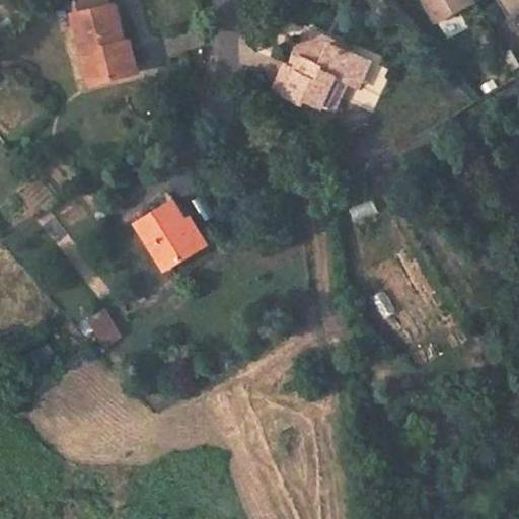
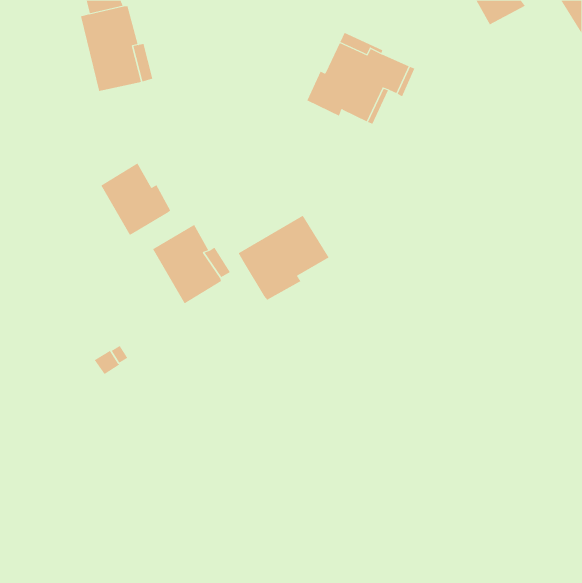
building: none -> [100,162,171,236]
building: none -> [238,215,329,300]

